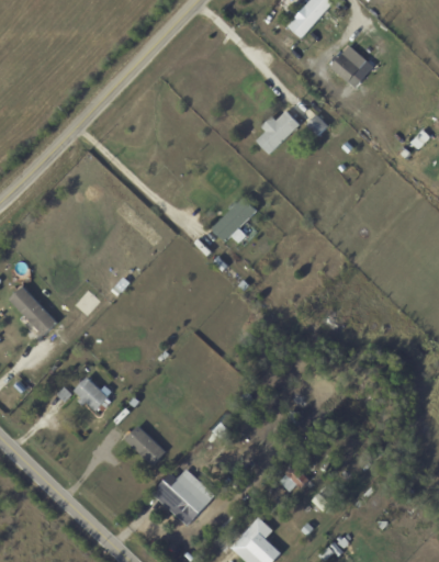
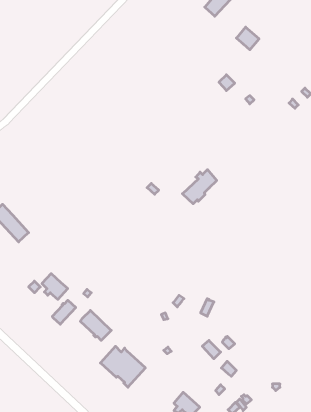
building: [256,111,300,154] -> none
building: [211,196,256,241] -> [182,170,217,204]
building: none -> [52,300,76,324]

